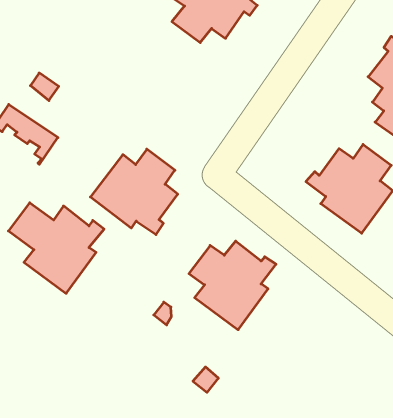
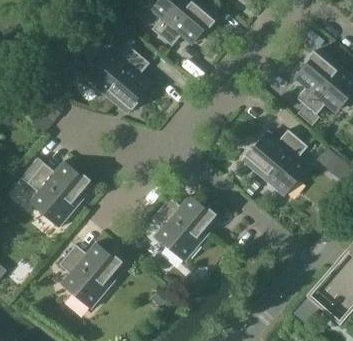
building: [90,149,178,235] -> [84,46,149,110]
building: none -> [57,243,122,308]

